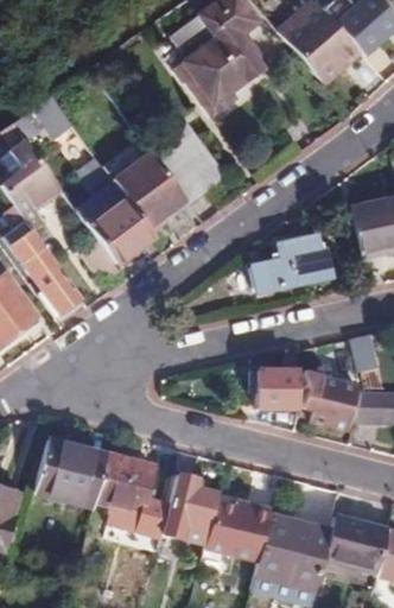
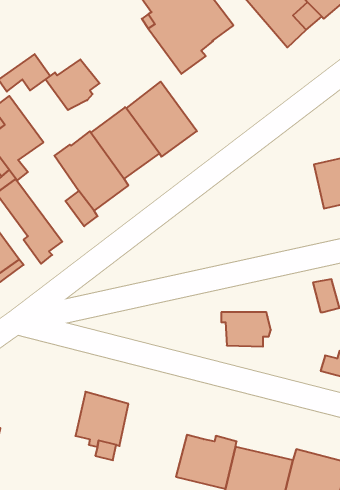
building: none -> [45,59,100,110]
building: [252,242,331,293] -> none
building: [300,369,362,432] -> none
building: [36,439,108,507] -> none
building: [163,477,210,542] -> none

